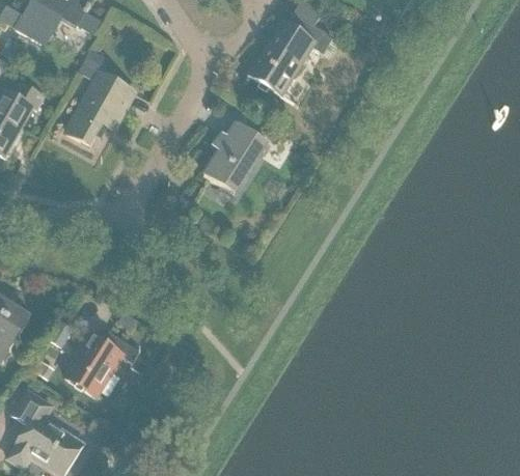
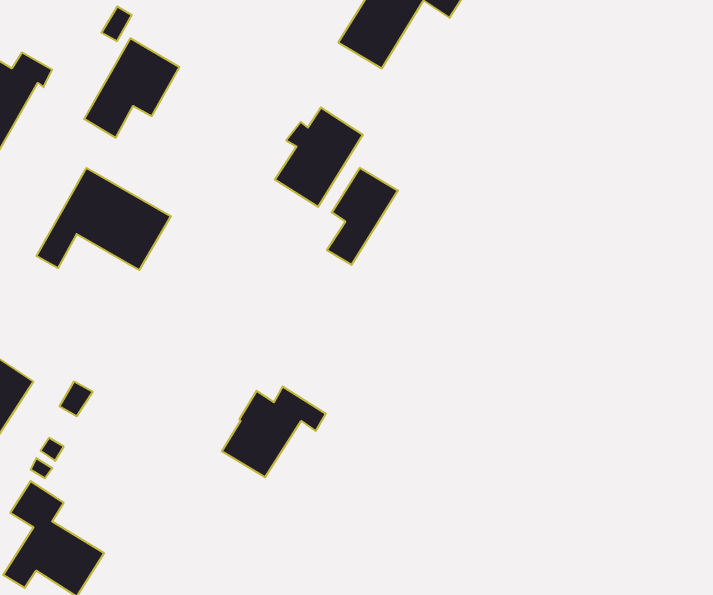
building: none -> [327,168,398,265]
building: none -> [36,168,171,270]
building: [63,330,138,395] -> [222,386,326,477]

